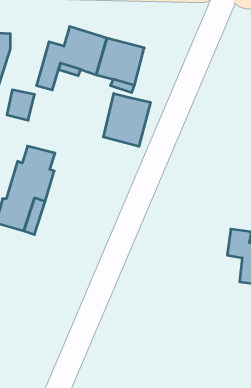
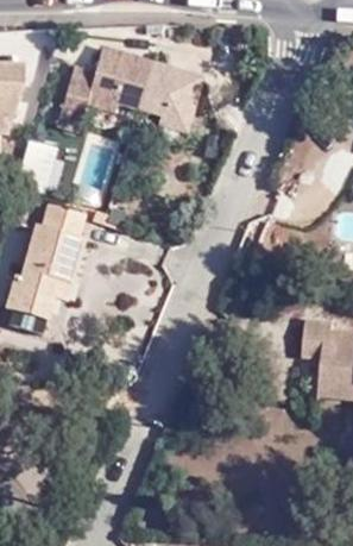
building: [103,93,150,146] -> none

